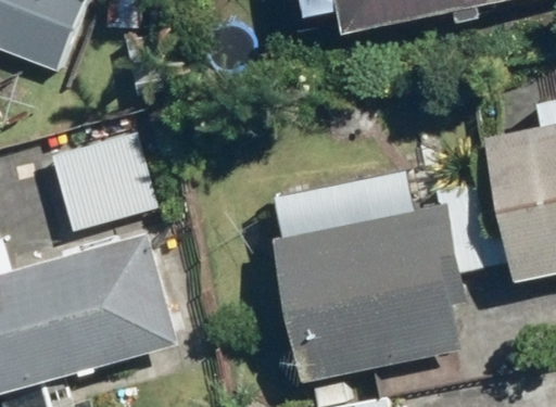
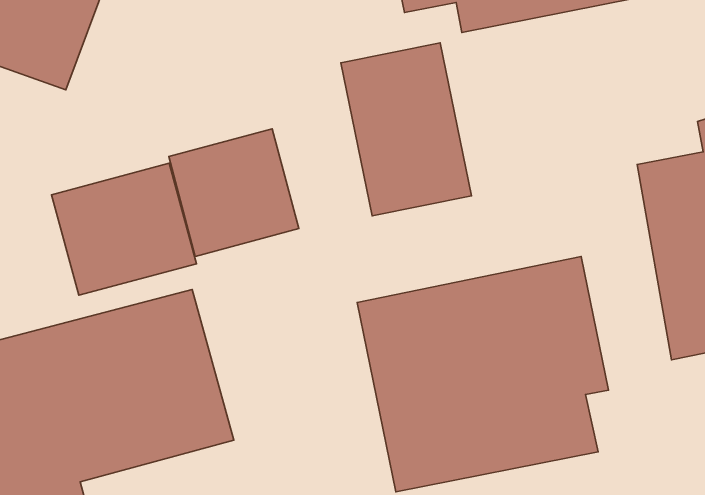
building: none -> [341,43,471,216]
building: none -> [169,129,299,256]

